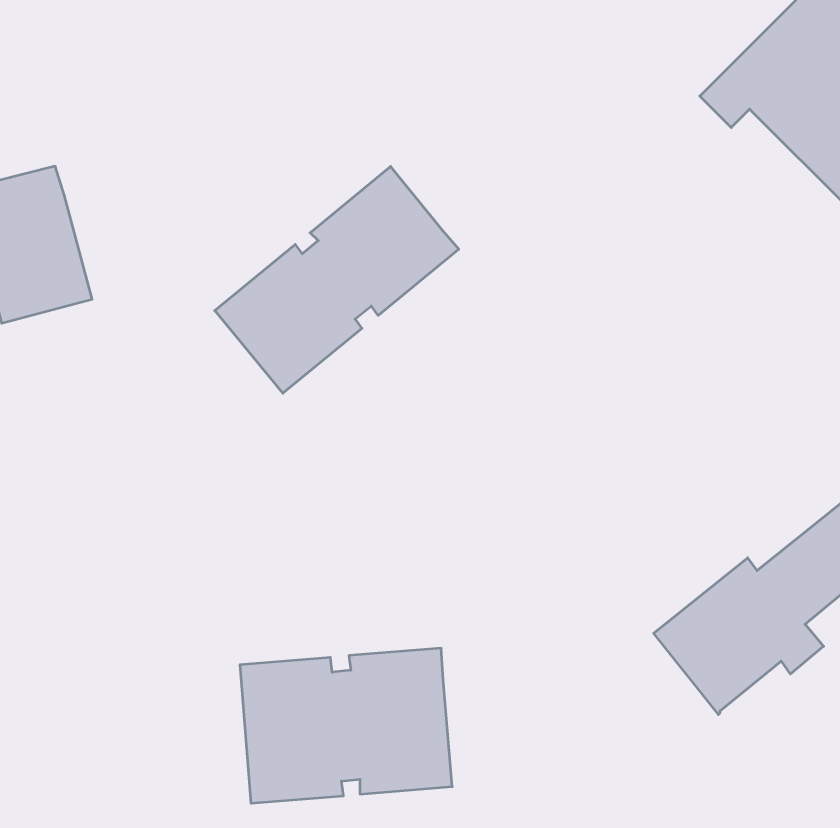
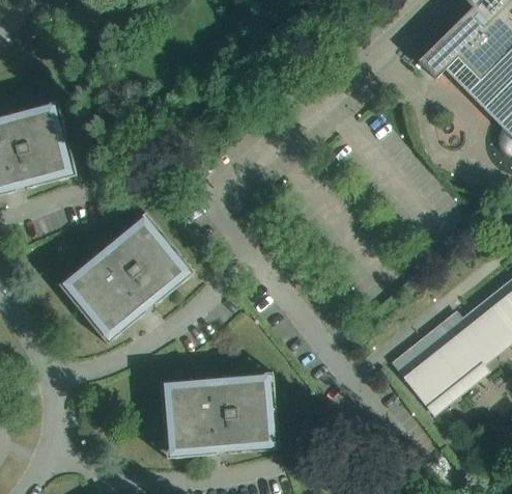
building: [215,166,459,393] -> none
building: none -> [58,211,196,344]

